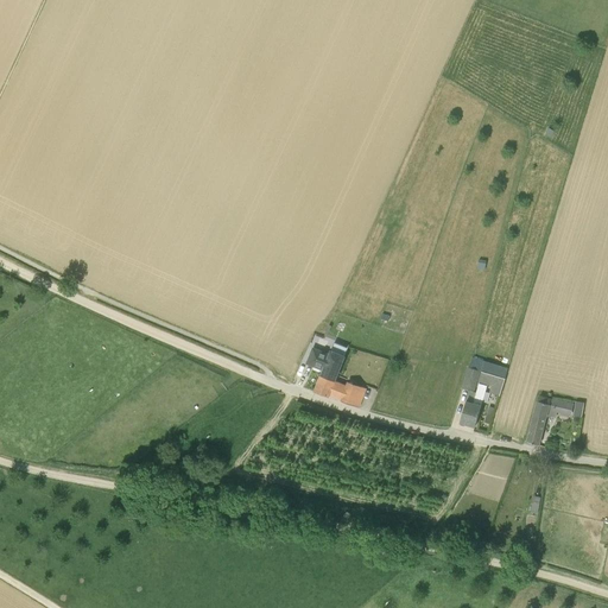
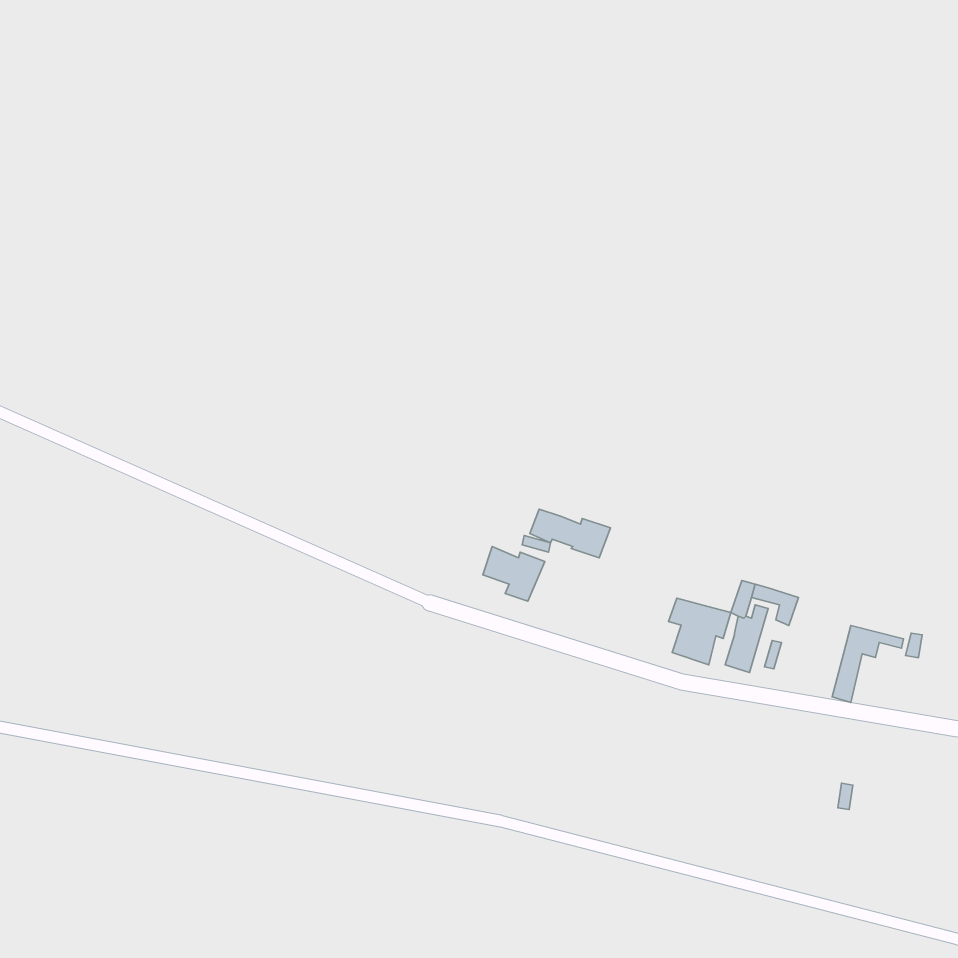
building: [314,375,365,406] -> [530,509,610,558]
building: none -> [669,598,731,665]

